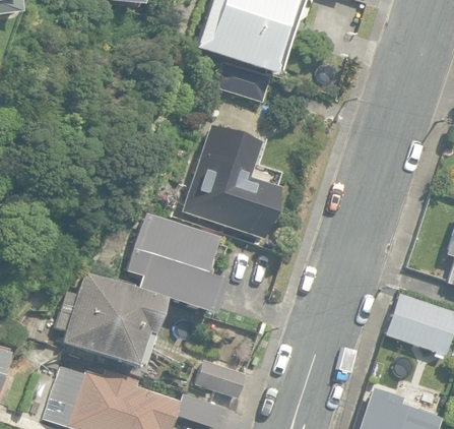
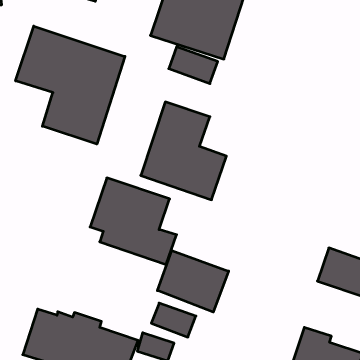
building: none -> [16,26,125,144]
building: [56,273,164,367] -> none
building: none -> [157,250,229,312]

